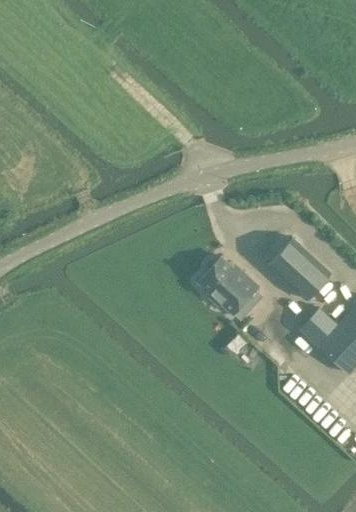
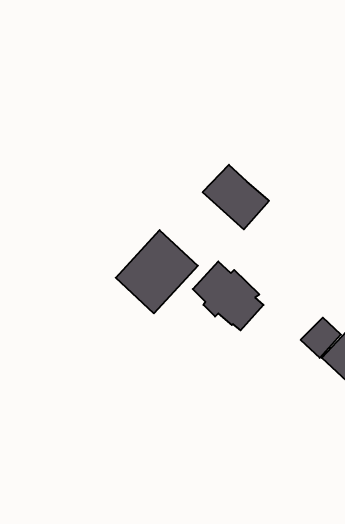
building: none -> [116,230,198,313]
building: [267,239,330,300] -> [203,165,269,229]

